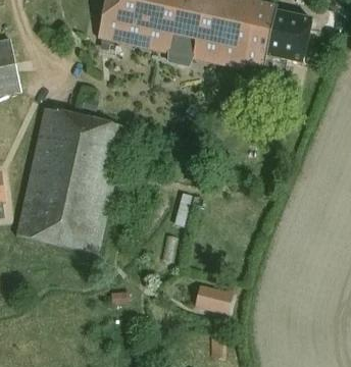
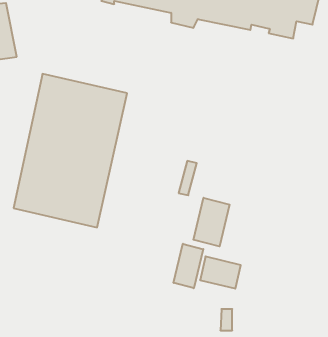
building: none -> [193,198,230,246]
building: none -> [174,244,203,288]

